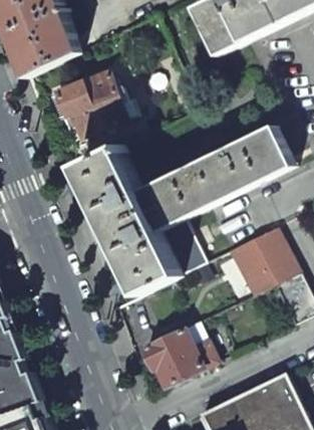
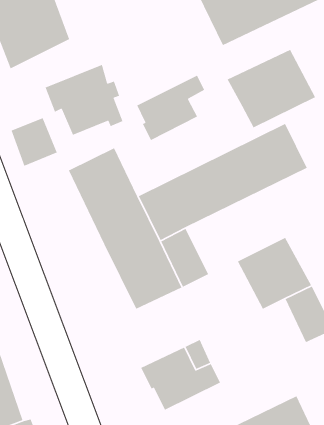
building: none -> [227,49,316,129]
building: none -> [136,75,205,141]
building: none -> [10,117,58,167]

